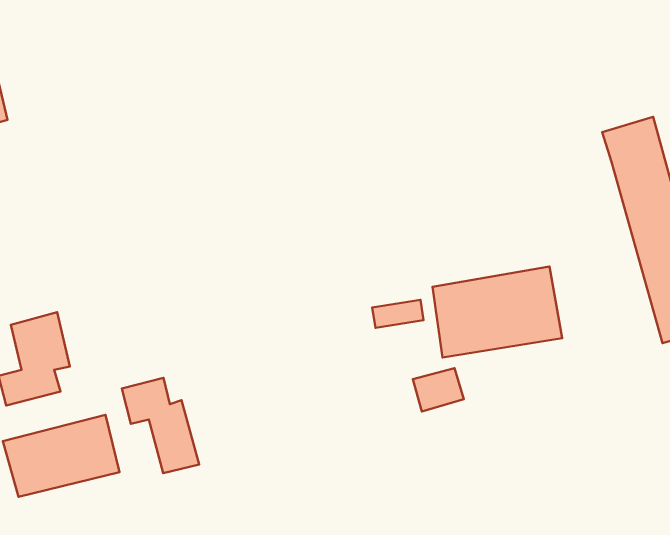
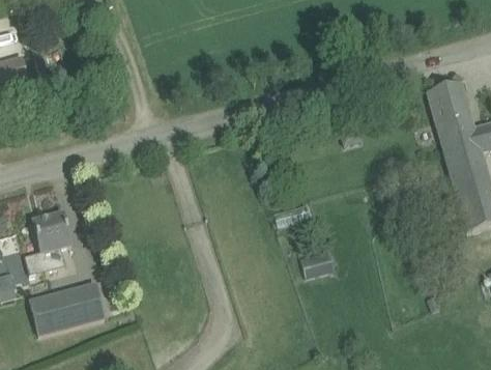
building: [432,267,562,357] -> none
building: [122,378,199,473] -> none

